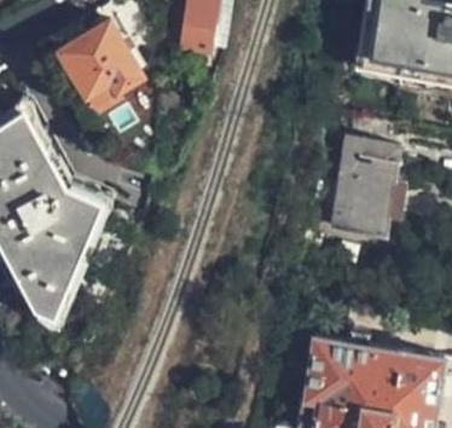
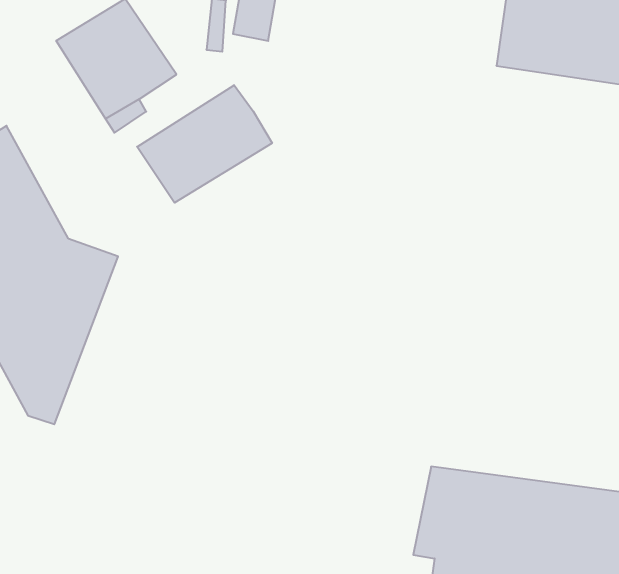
building: none -> [137,85,272,203]
building: [331,143,401,239] -> none

